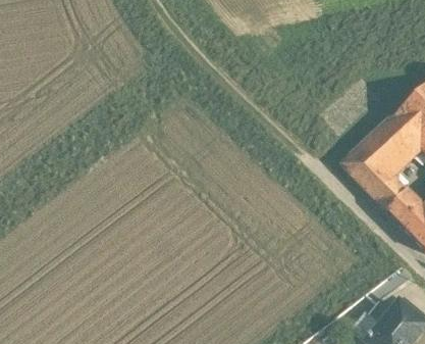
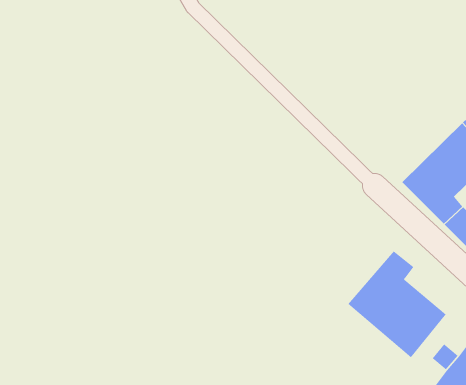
building: none -> [347,251,447,358]

